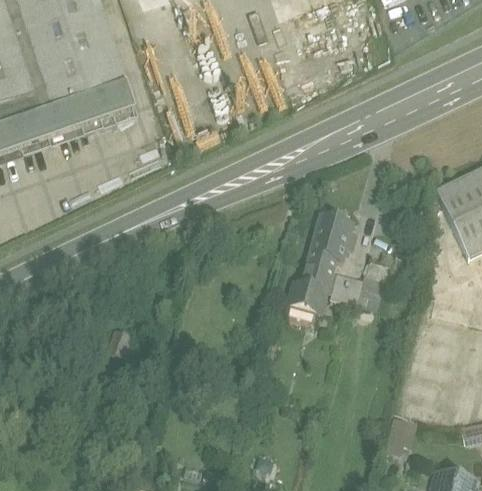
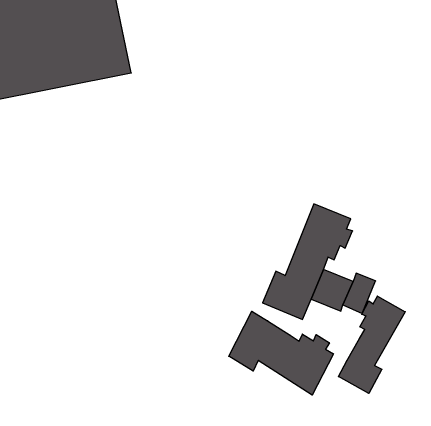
building: none -> [338,296,405,393]
building: none -> [229,311,333,395]

